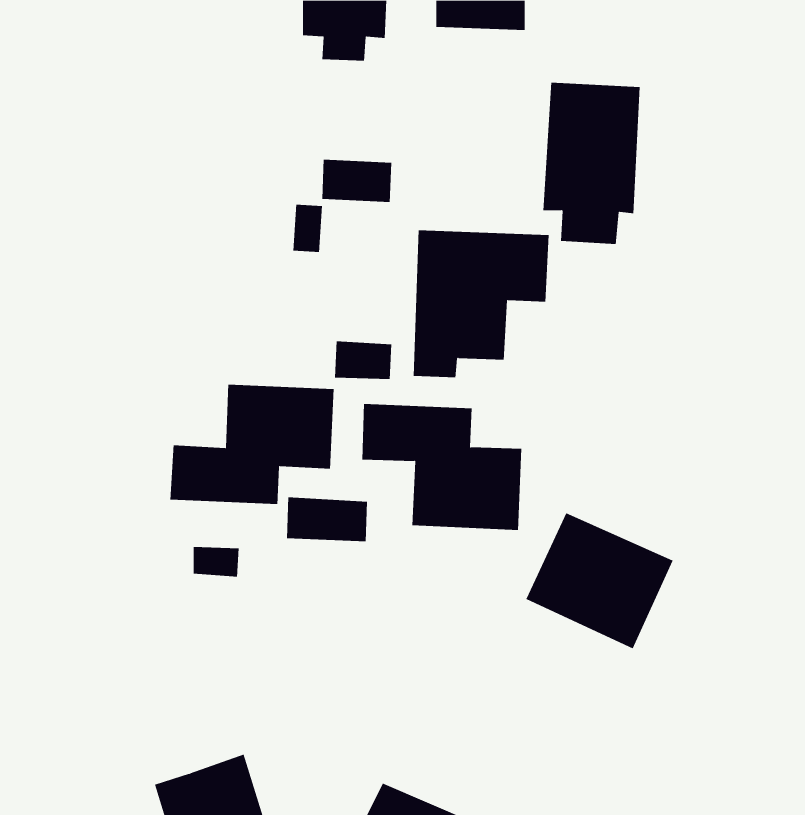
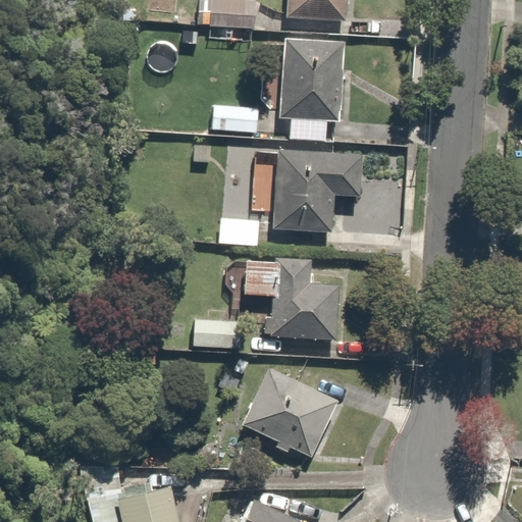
building: [542,82,640,244] -> [279,37,342,140]
building: [170,384,334,505] -> none
building: [526,512,673,649] -> [241,369,334,456]

